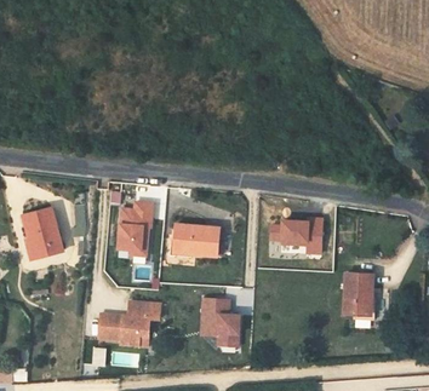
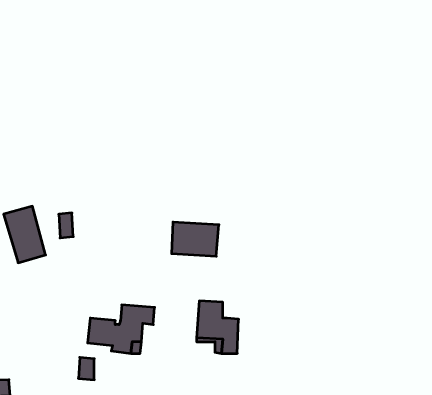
building: [120,200,154,254] -> none
building: [273,218,322,252] -> none
building: [347,272,373,314] -> none

